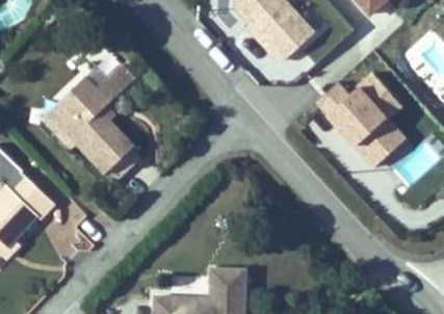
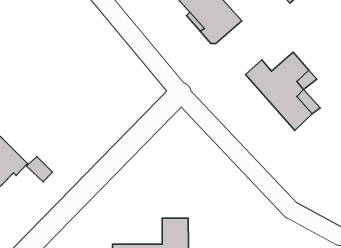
building: [44,76,136,173] -> none

